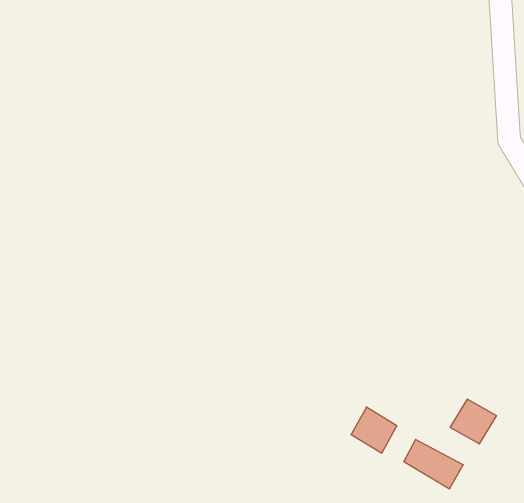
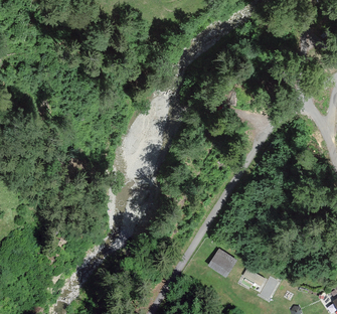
building: [450,399,496,444] -> none

